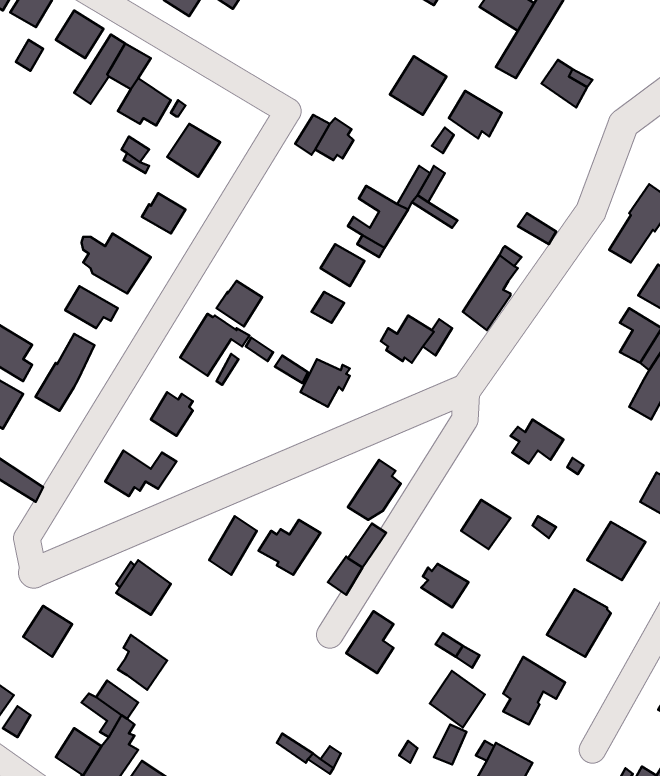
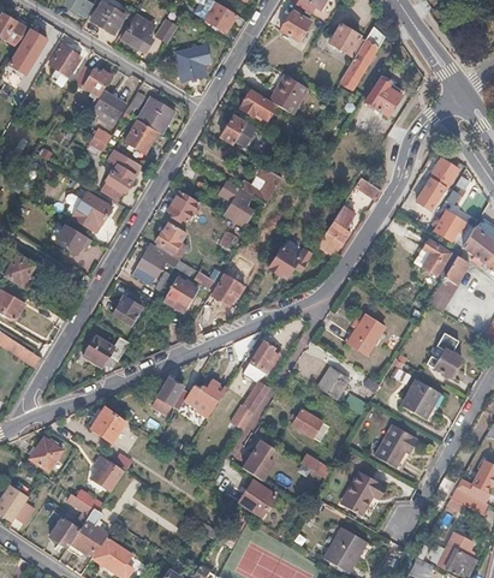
building: none -> [174,46,210,82]
building: none -> [137,96,177,133]
building: [449,91,502,138] -> [242,89,276,120]
building: none -> [168,190,200,221]
building: [35,334,95,411] -> none
building: none -> [165,276,197,308]
building: [430,671,485,727] -> [238,479,274,517]

